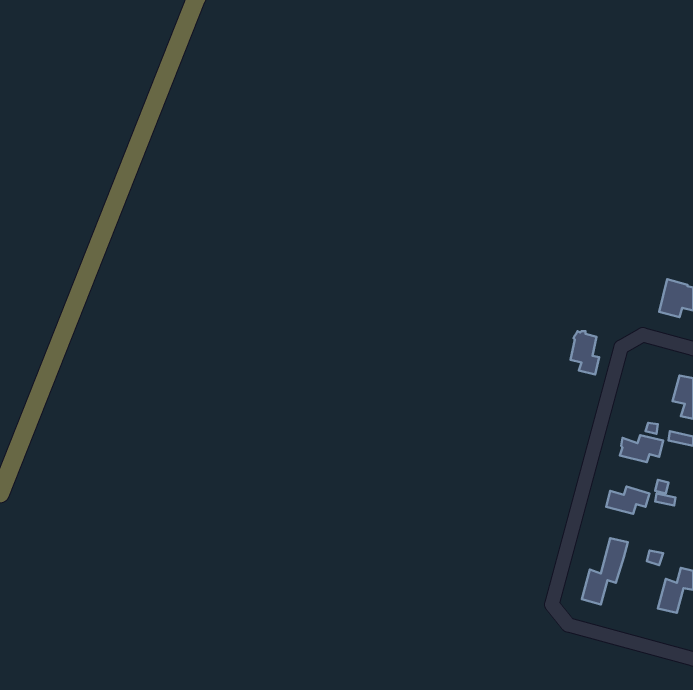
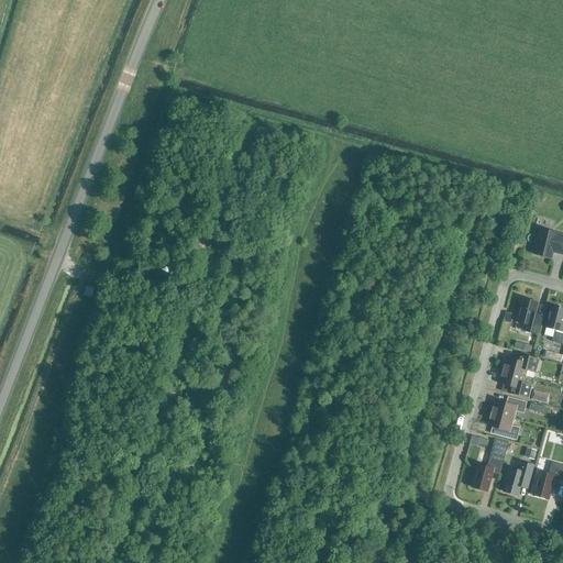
building: [571,331,599,375] -> [517,297,540,332]
building: none -> [498,369,531,396]
building: none -> [488,411,520,439]
building: none -> [504,461,534,494]

